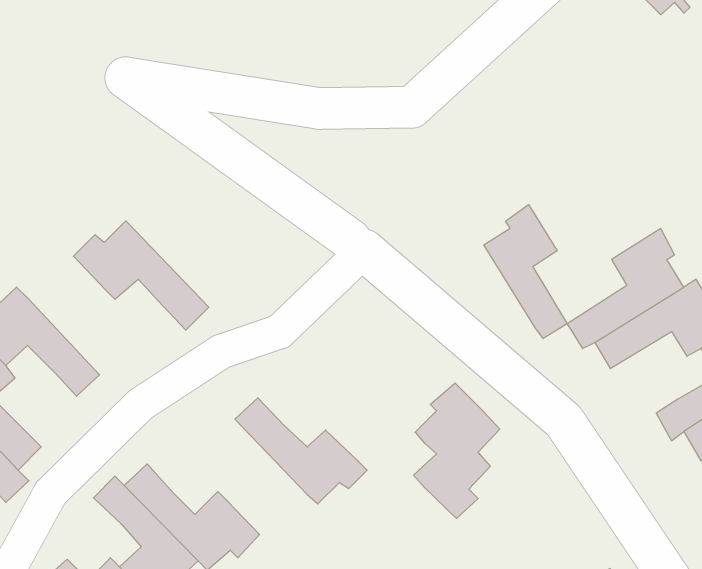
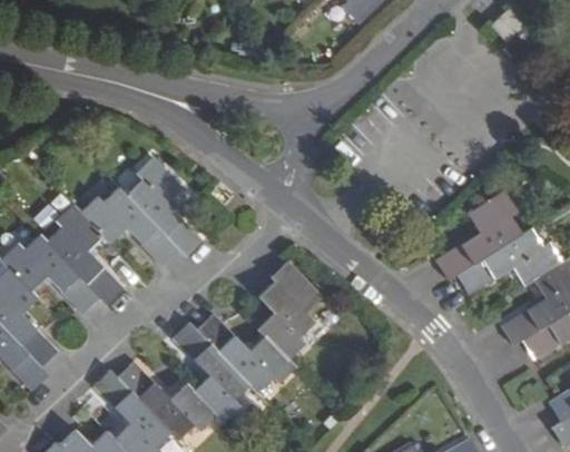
building: none -> [125,158,198,256]
building: [484,205,567,339] -> none
building: none -> [47,204,122,303]
building: [414,383,500,518] -> [255,262,317,360]
building: none -> [174,322,249,420]

